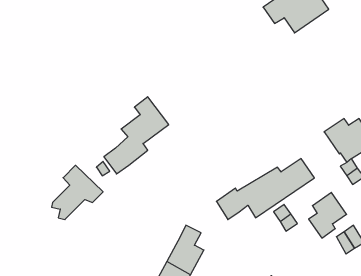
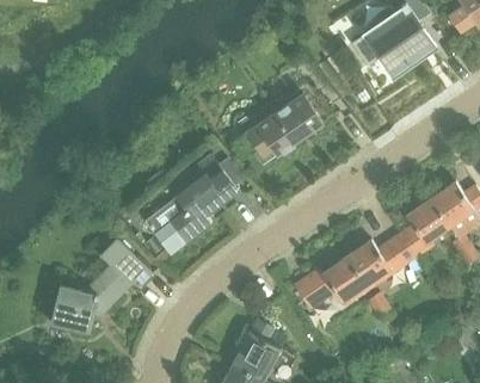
building: none -> [244,92,322,163]
building: [309,192,347,238] -> [400,198,448,255]
building: none -> [50,286,104,331]

